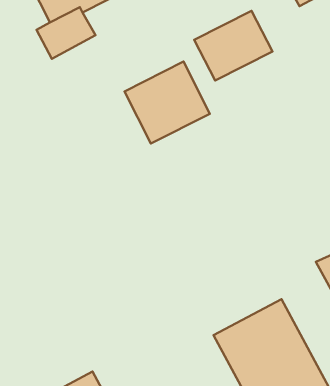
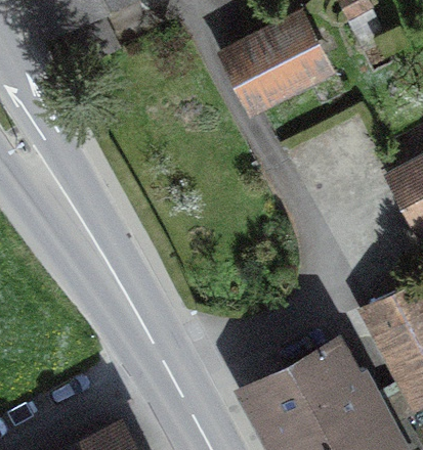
building: [125,62,210,144] -> none

